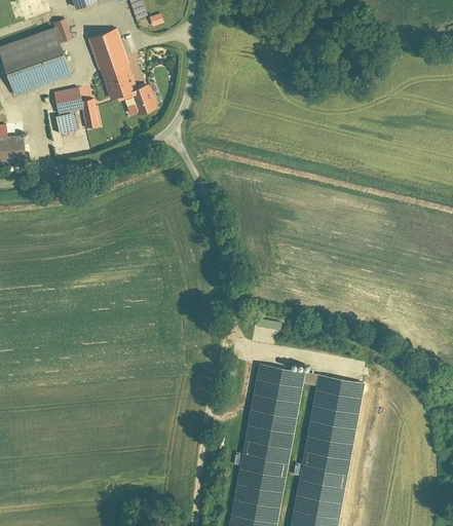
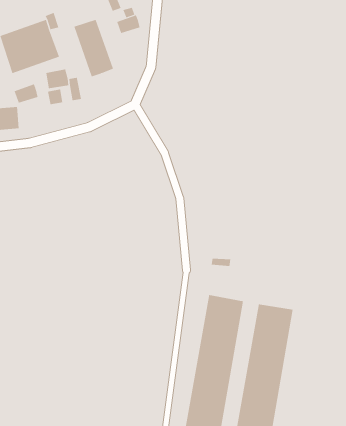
building: none -> [116,15,140,34]
building: [126,85,160,114] -> none
building: none -> [14,84,38,104]

